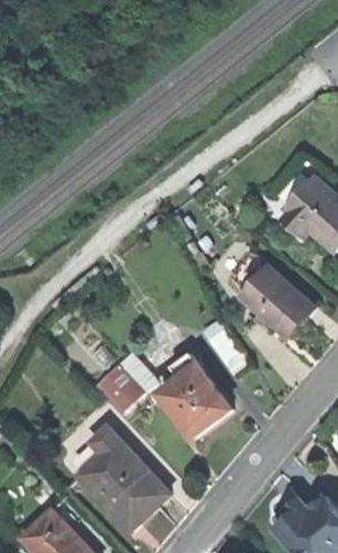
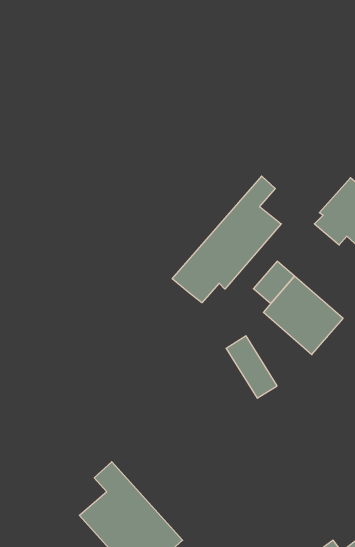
building: none -> [172,176,281,303]
building: [160,352,229,435] -> none
building: [92,361,138,406] -> none

